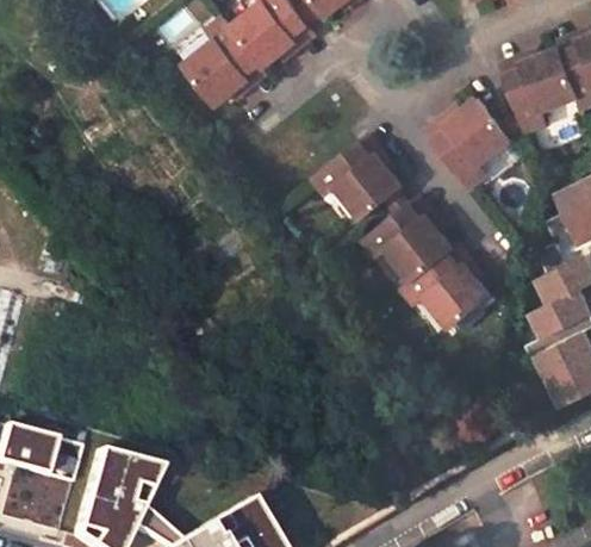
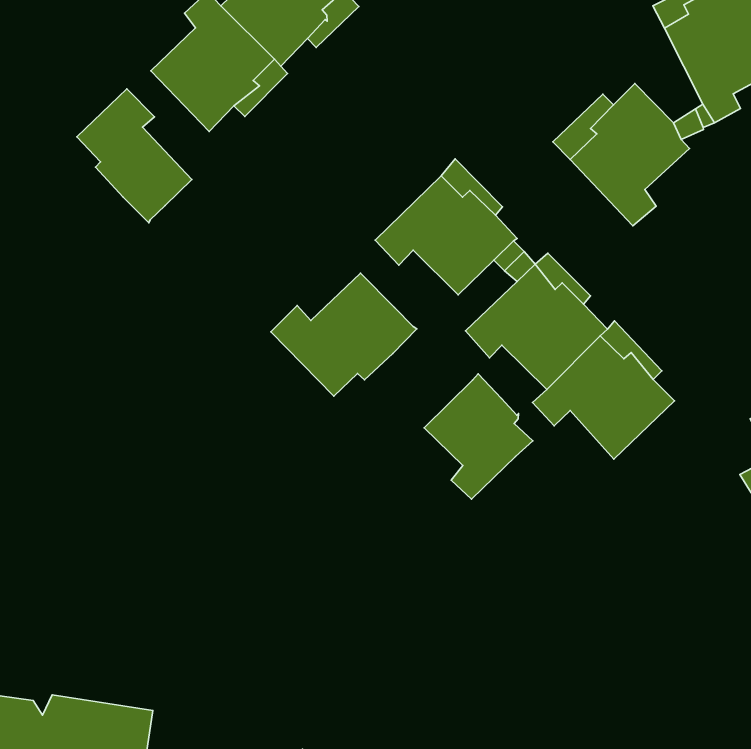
building: none -> [77,89,192,223]
building: none -> [271,273,417,396]
building: none -> [424,374,533,499]

